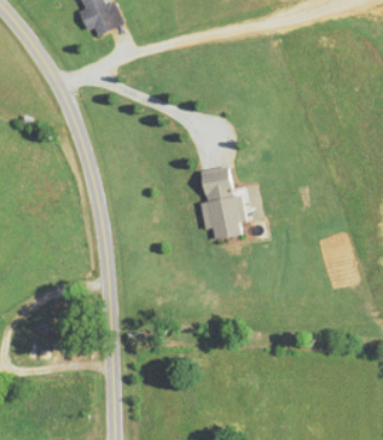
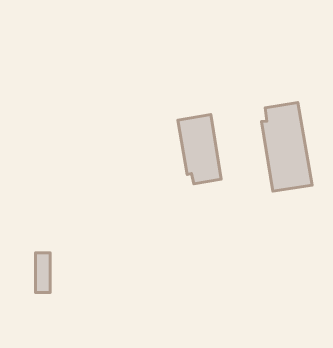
building: none -> [261,102,312,191]

